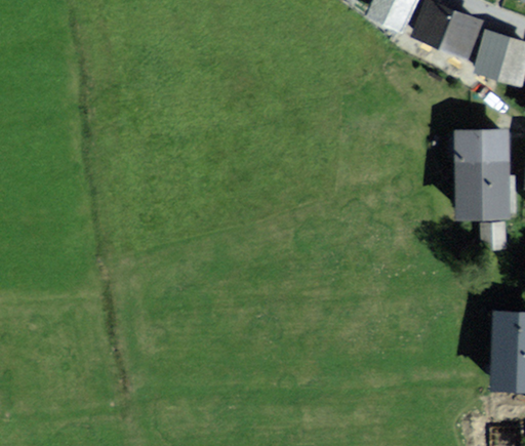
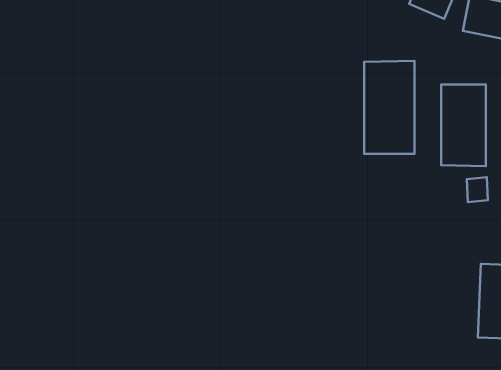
building: none -> [364,61,414,154]

